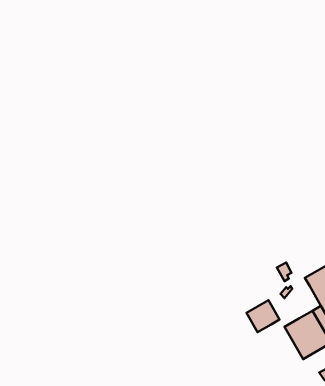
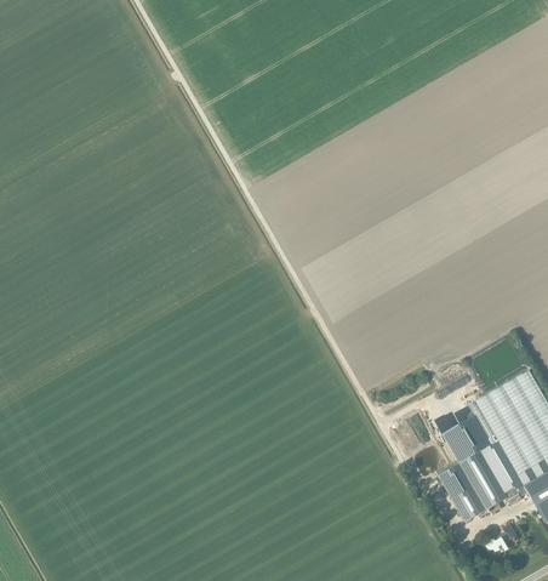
building: [247,300,280,332] -> [443,416,490,462]

